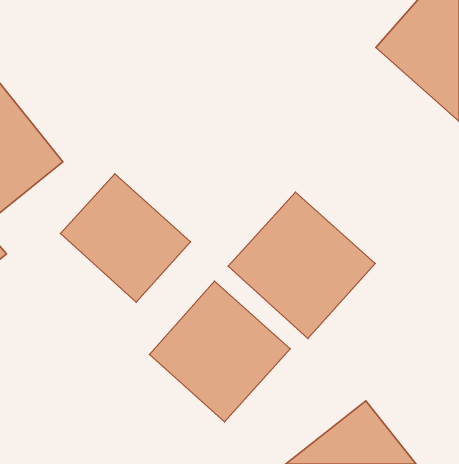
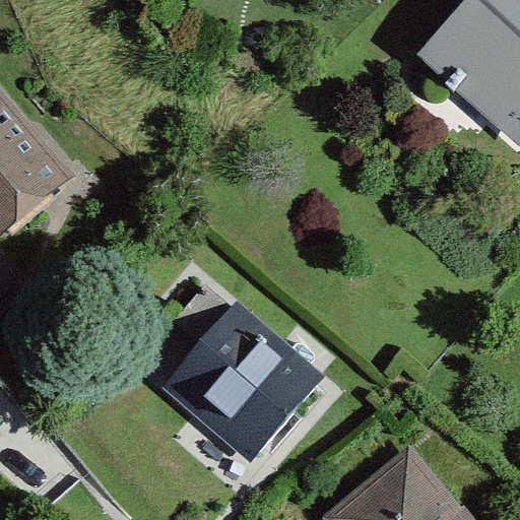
building: [61,174,191,302] -> none
building: [228,192,375,339] -> none

